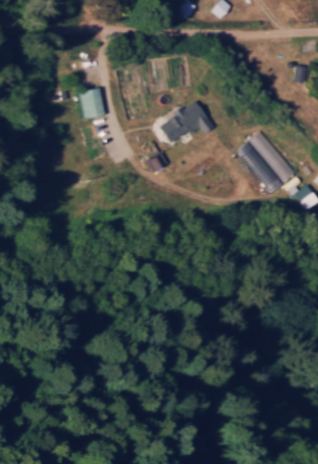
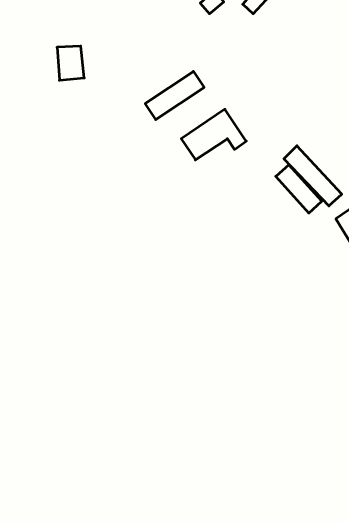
building: none -> [145,71,204,120]
building: [81,88,104,118] -> [57,46,84,80]

